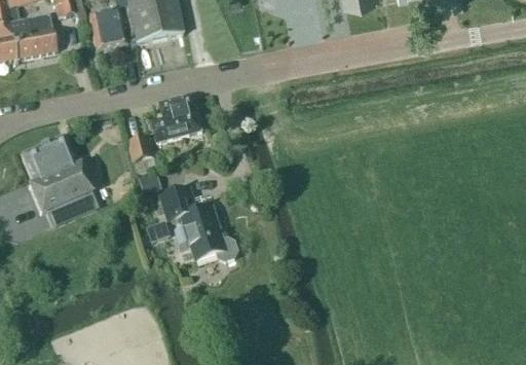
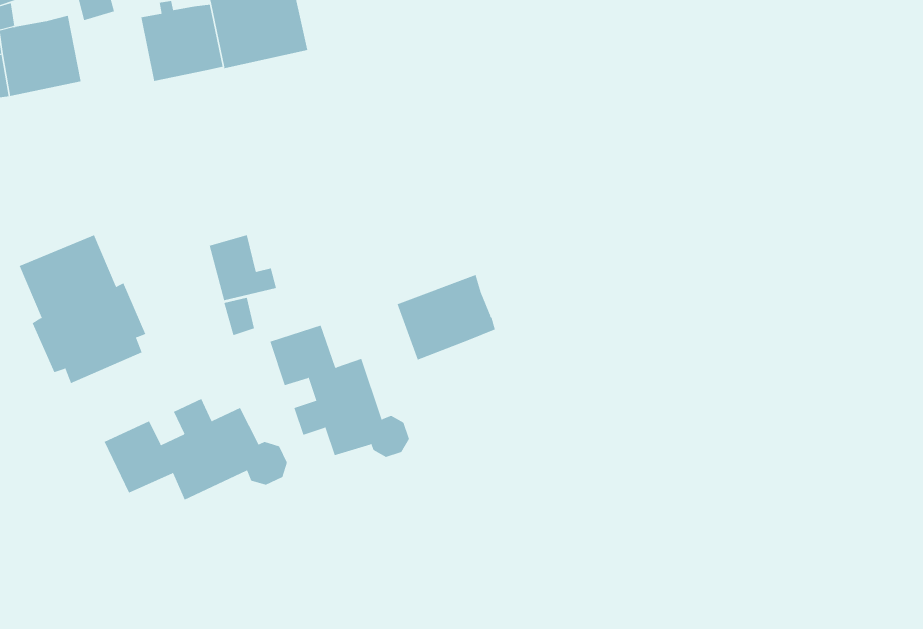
building: [151,95,201,142] -> none
building: none -> [397,274,496,361]
building: none -> [104,398,287,500]

